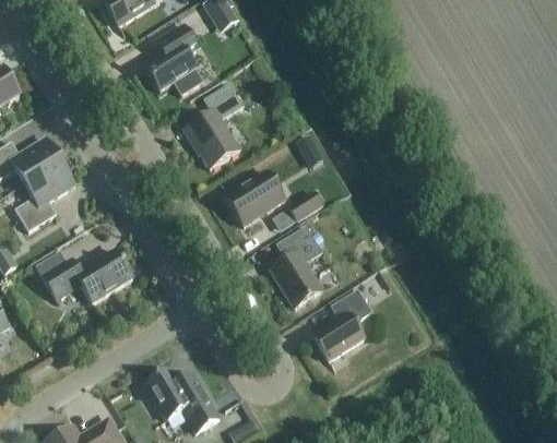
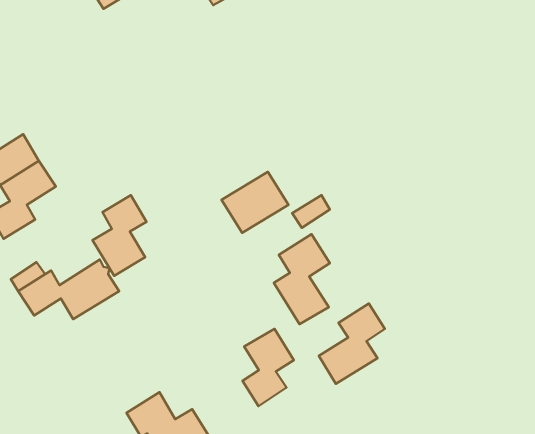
building: [145,22,203,93] -> none
building: [185,81,245,167] -> none
building: none -> [93,195,147,276]
building: none -> [242,329,294,406]

